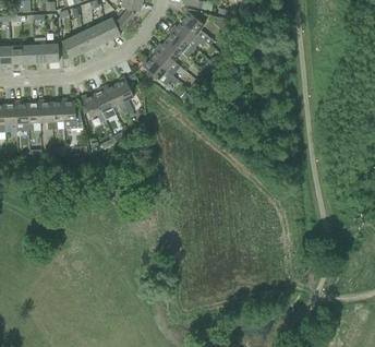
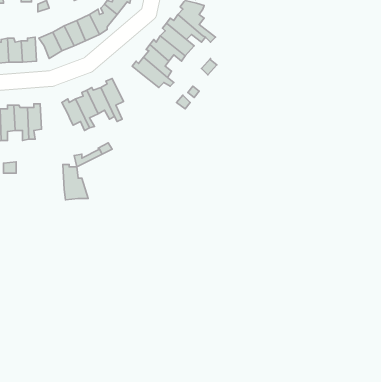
building: [62,98,84,129] -> [63,164,88,200]

